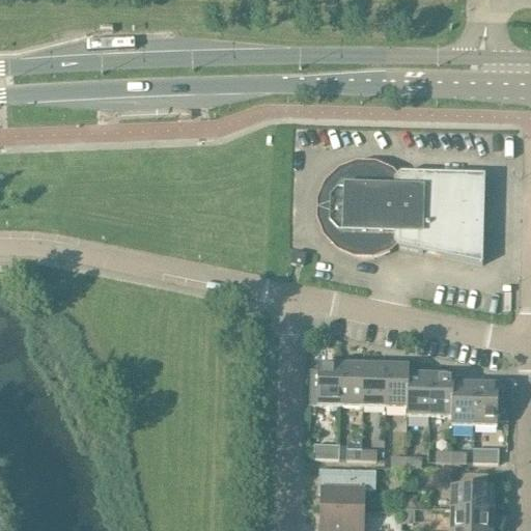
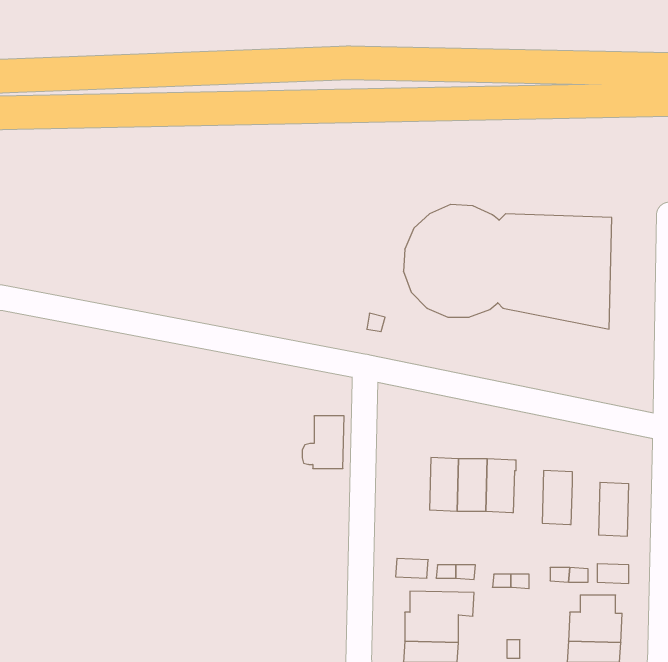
building: [309,362,342,403] -> [302,416,344,468]
building: [407,372,431,414] -> none
building: [452,382,476,423] -> none

